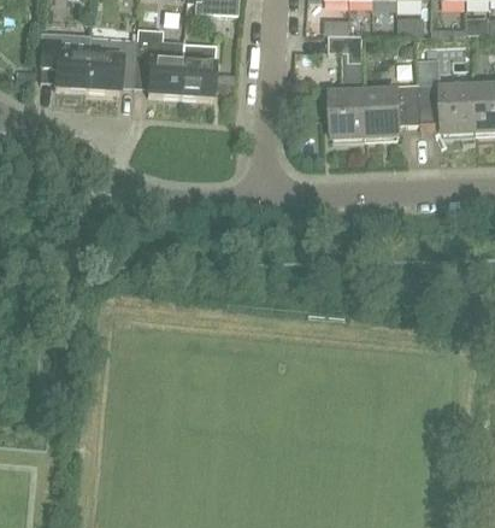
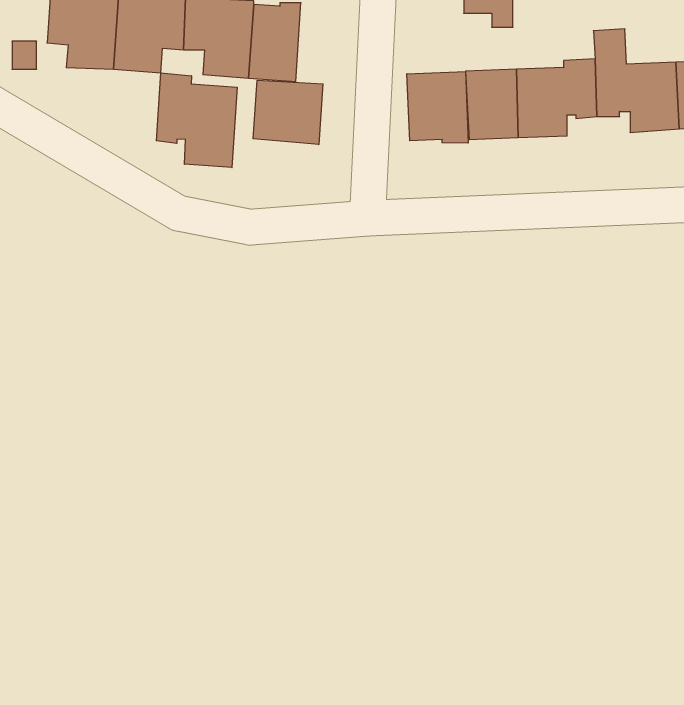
building: none -> [407,71,468,143]
building: none -> [156,73,237,168]
building: none -> [253,80,323,145]

